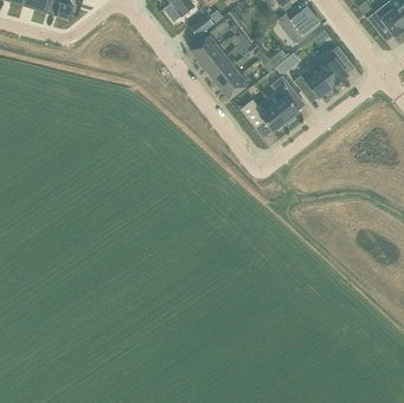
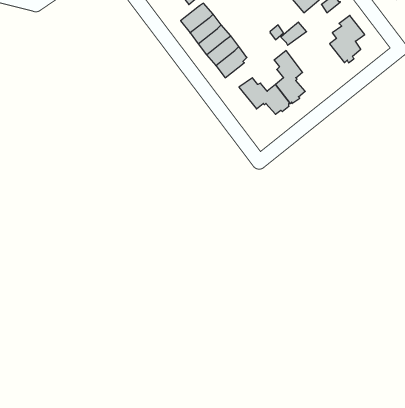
building: [293,70,333,98] -> none

